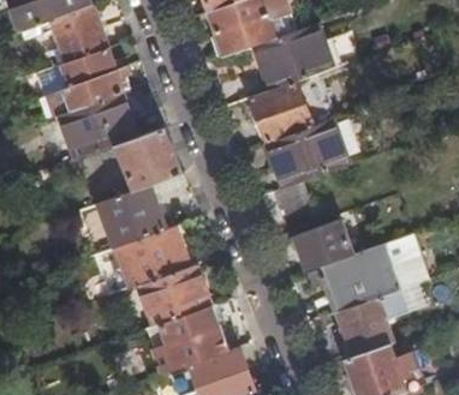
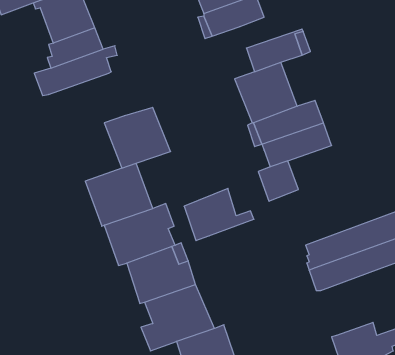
building: [254,25,317,67] -> none
building: [60,92,137,157] -> none
building: [296,219,366,271] -> [184,188,254,241]
building: [336,291,404,358] -> none

